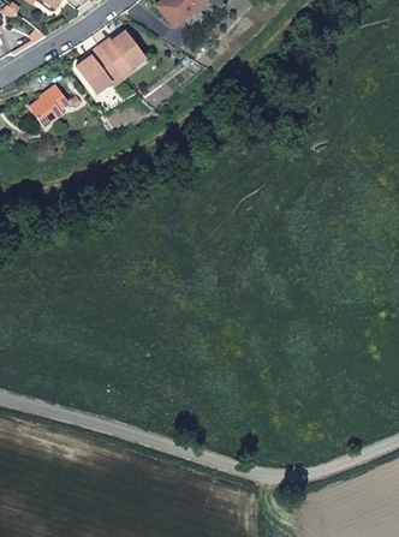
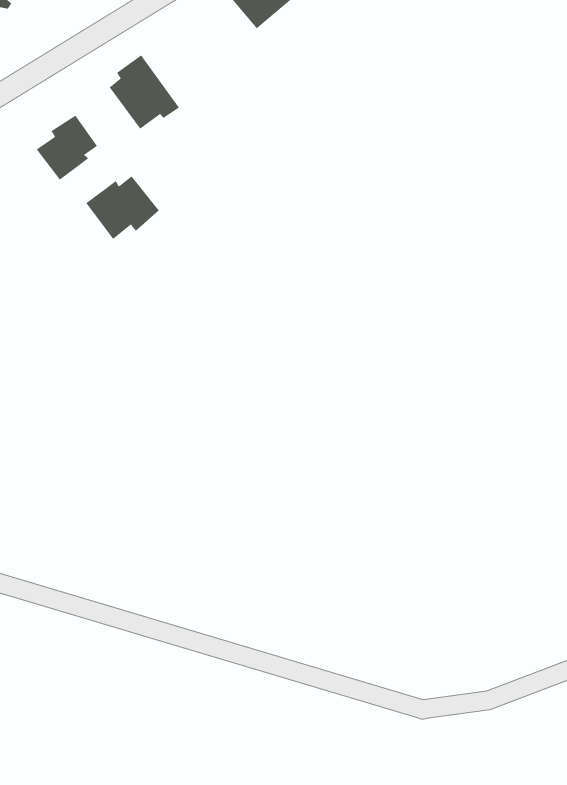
building: [99,29,145,79] -> none
building: none -> [86,175,159,240]

